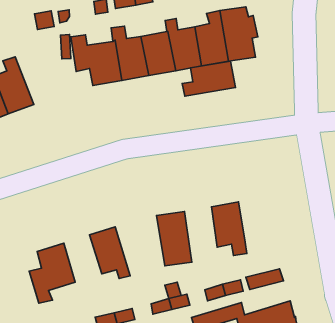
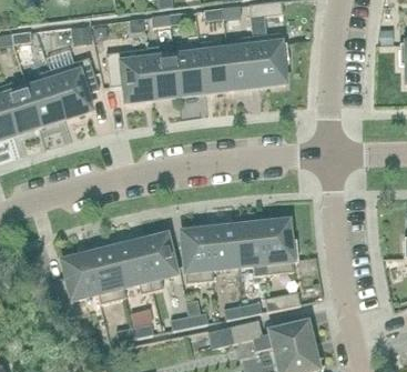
building: none -> [51,58,99,118]
building: [182,61,235,96] -> none
building: none -> [262,222,299,275]
building: none -> [208,228,238,270]
building: none -> [140,235,177,291]
building: none -> [89,249,126,304]

